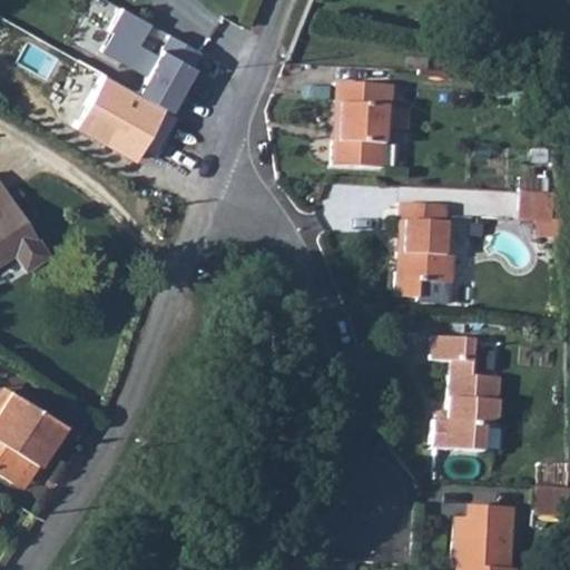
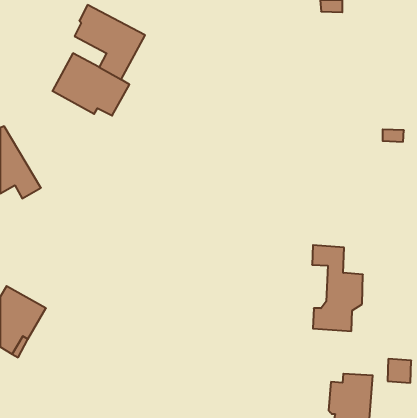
building: [337,85,394,168] -> none
building: [464,190,521,218] -> none
building: [531,195,562,227] -> none
building: [400,205,460,304] -> none

